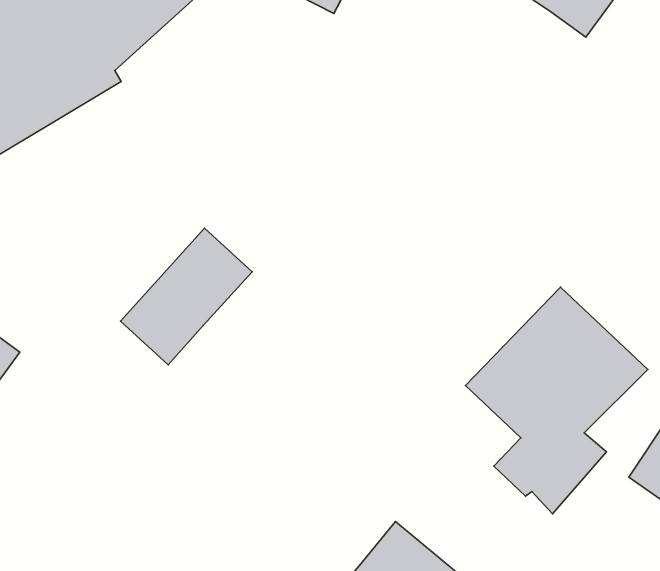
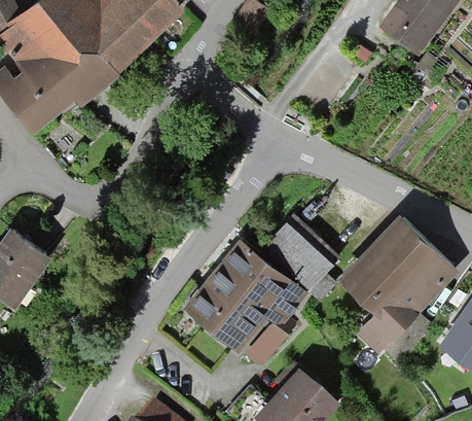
building: [120,228,252,365] -> none
building: none -> [188,229,336,366]

